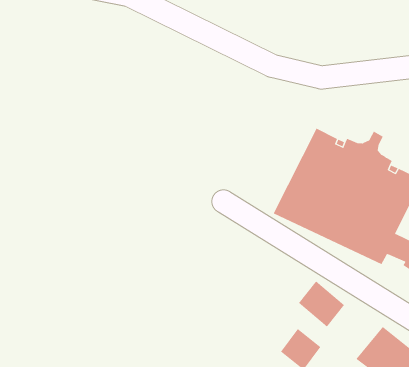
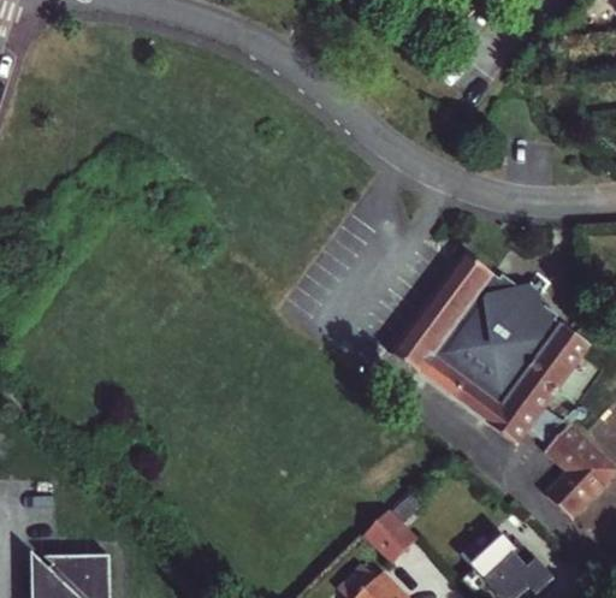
building: [298,281,345,328] -> none

